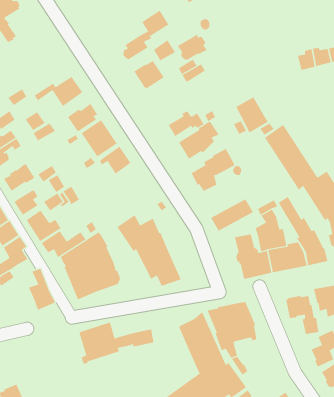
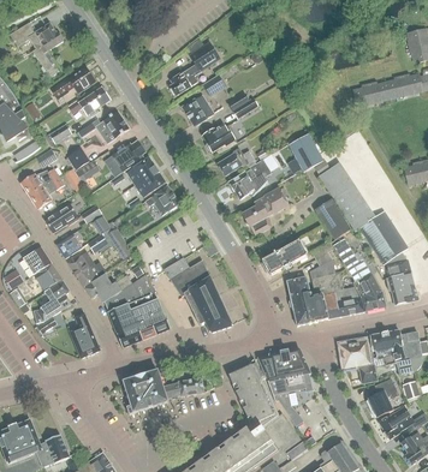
building: [177,34,208,61] -> [202,123,234,151]
building: none -> [50,67,95,100]
building: none -> [67,88,109,115]
building: none -> [315,198,351,239]

